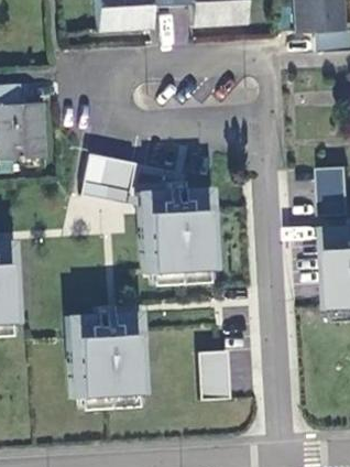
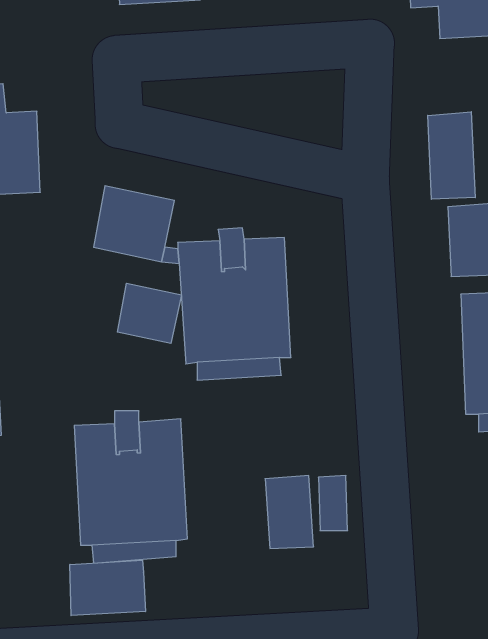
building: none -> [428,112,475,199]
building: none -> [117,283,181,343]
building: none -> [70,560,145,616]

